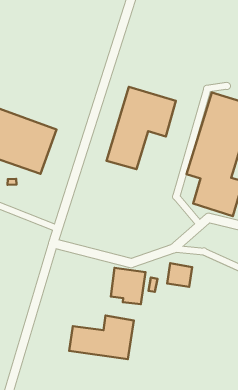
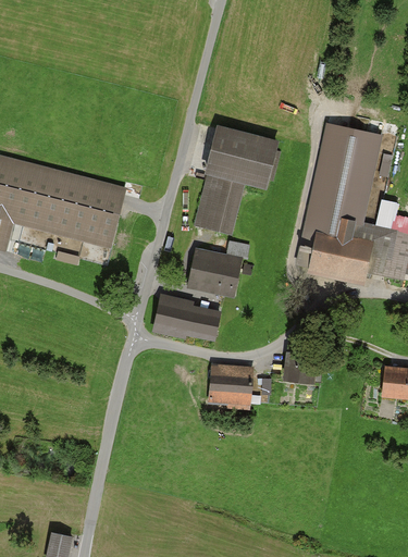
building: none -> [186,243,249,298]
building: none -> [154,296,220,335]
building: [69,316,134,359] -> none

